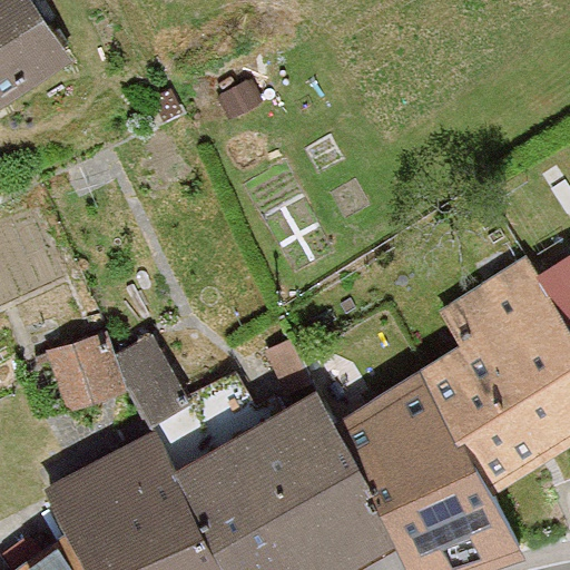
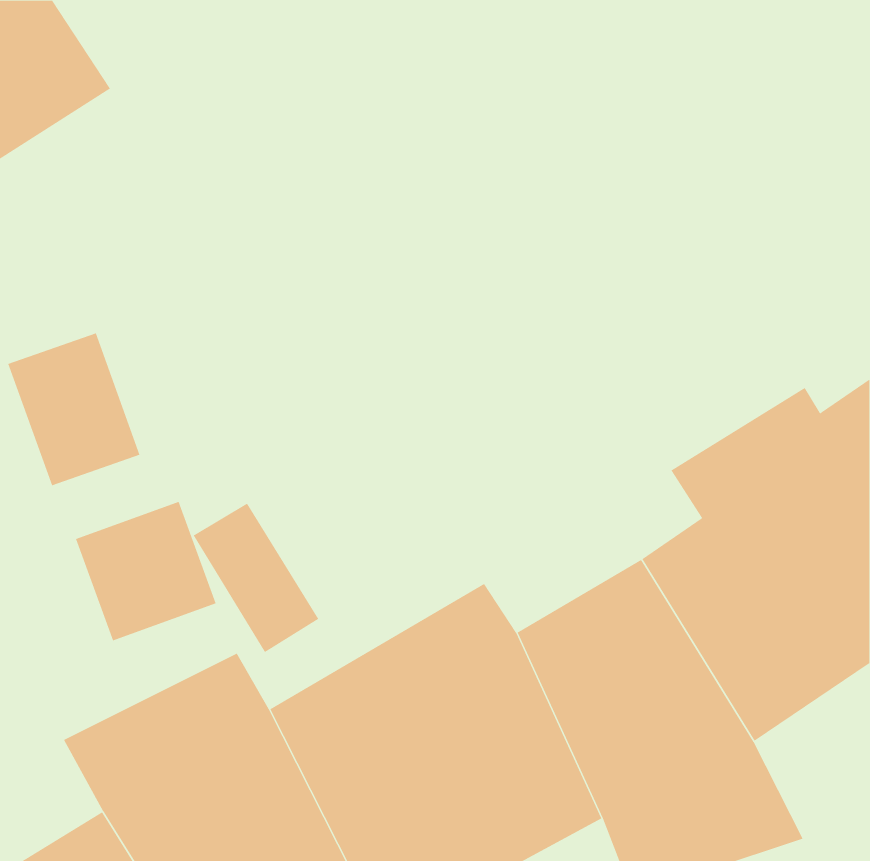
building: none -> [8,332,140,486]

